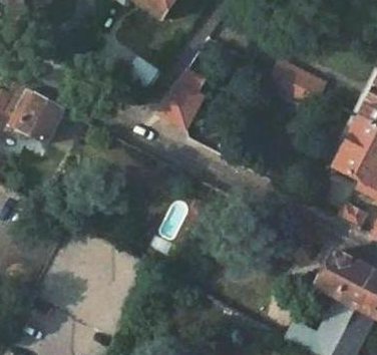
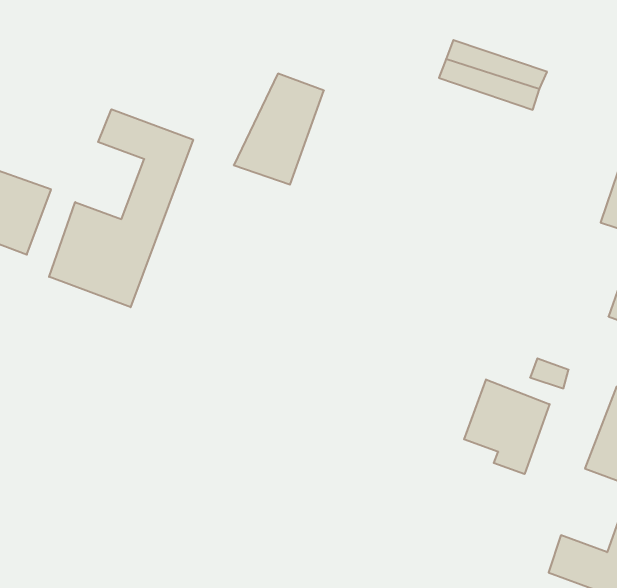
building: none -> [49,109,193,307]
building: none -> [464,379,550,474]

